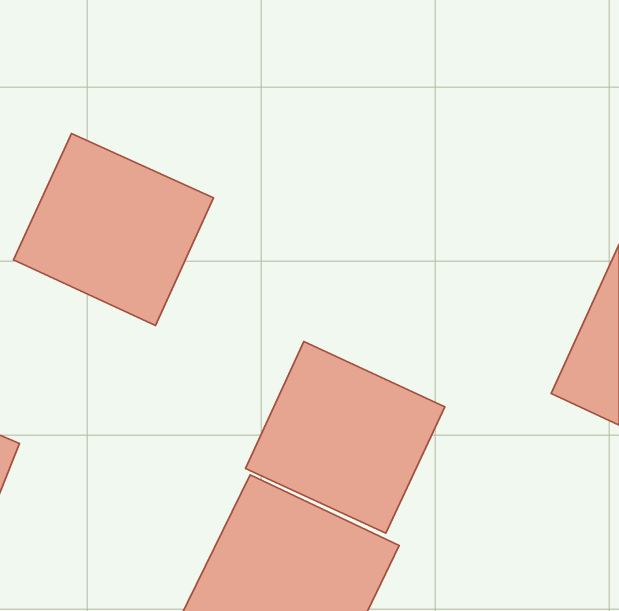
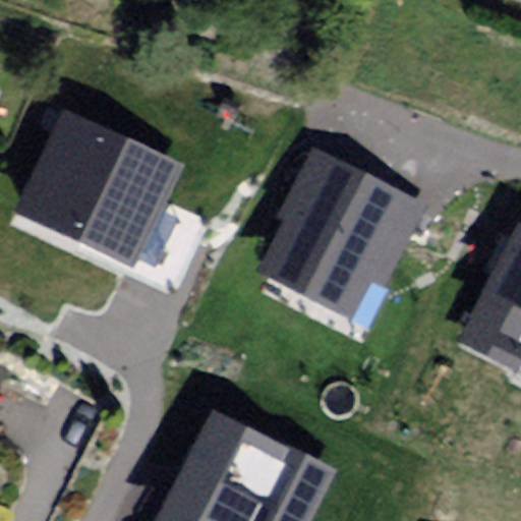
building: none -> [255,148,422,323]
building: [246,342,445,533] -> none

